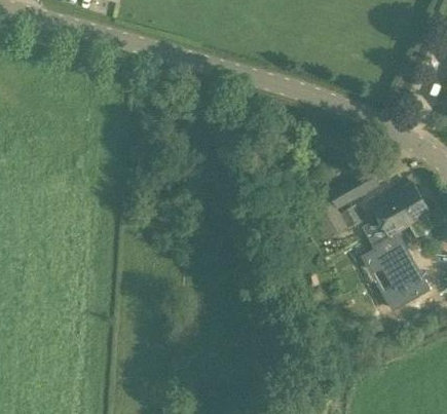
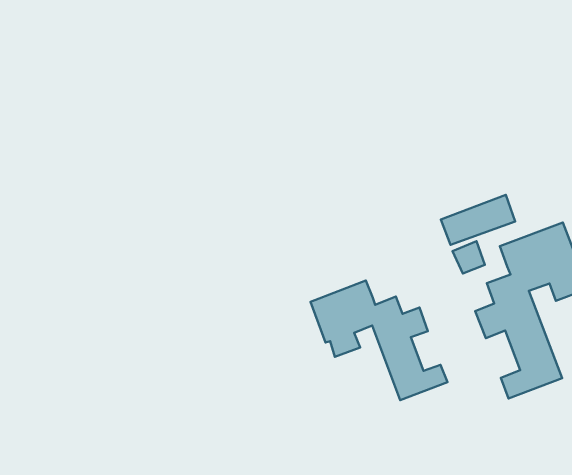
building: none -> [310,280,447,400]

